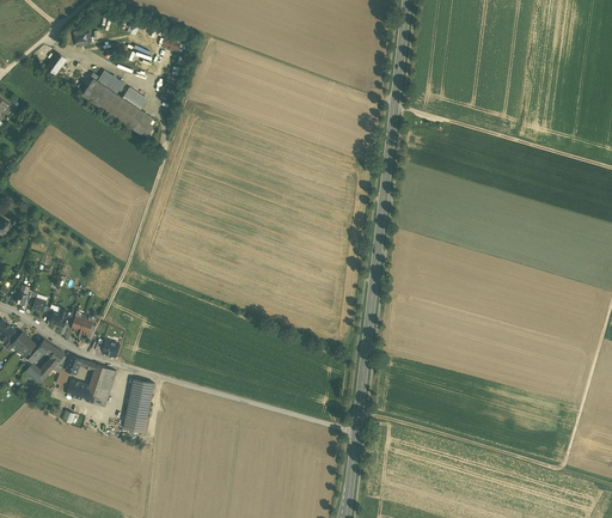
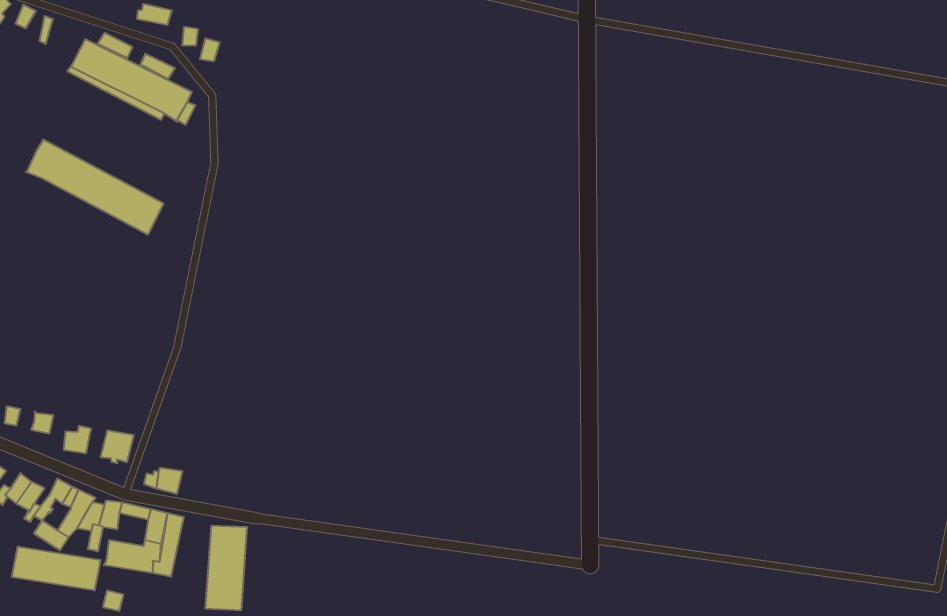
building: none -> [26,139,163,235]
building: none -> [12,546,101,591]

